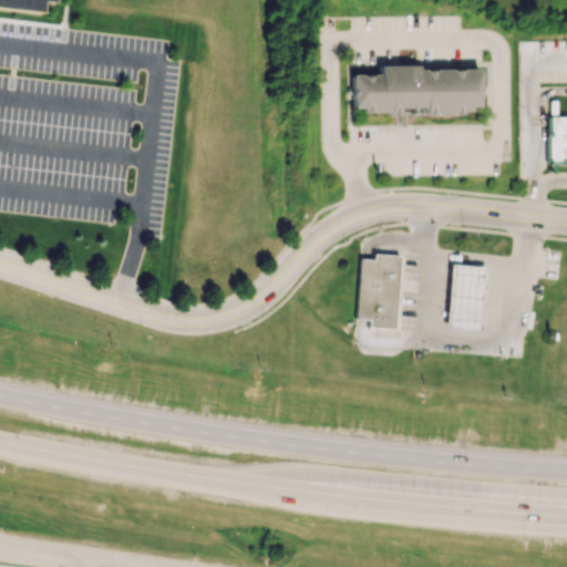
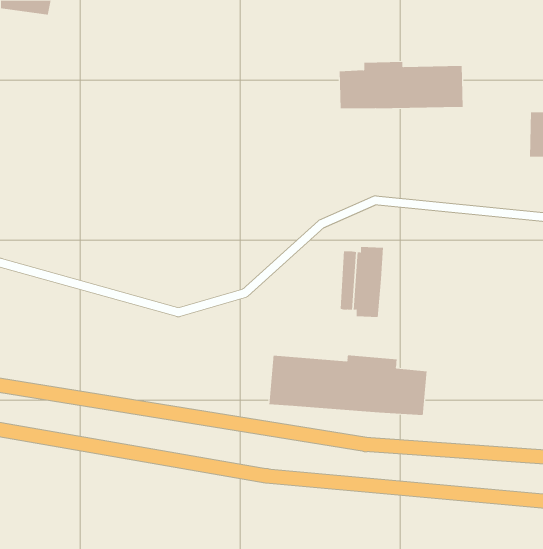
building: [450,265,491,330] -> none
building: none -> [269,354,427,416]

